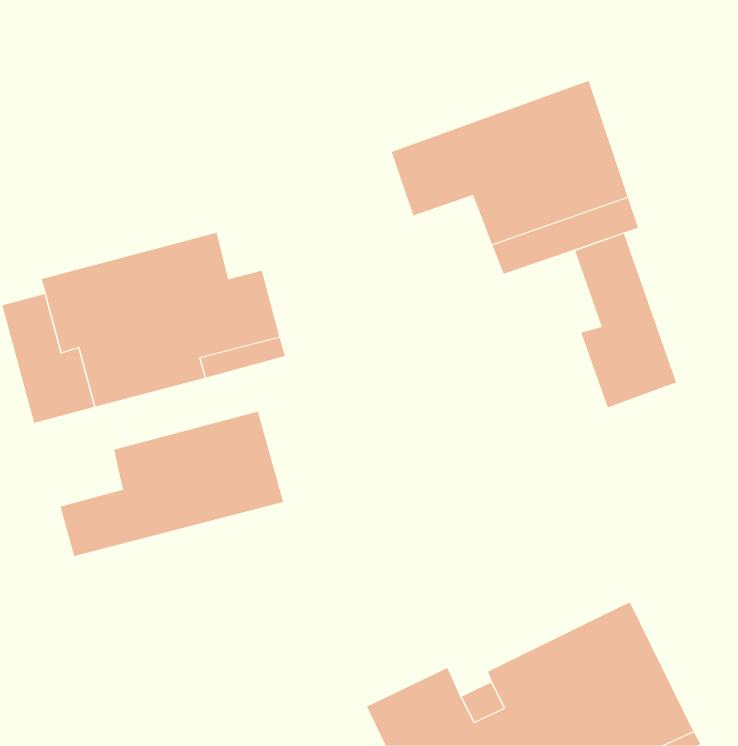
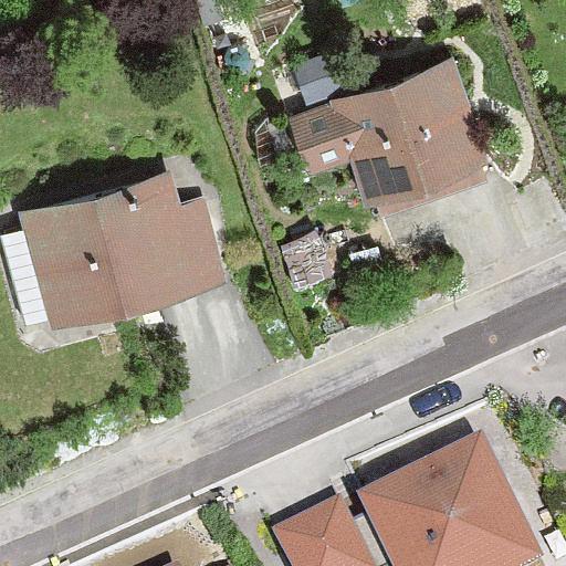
building: [574,233,677,408] -> none
building: [60,411,284,557] -> none

